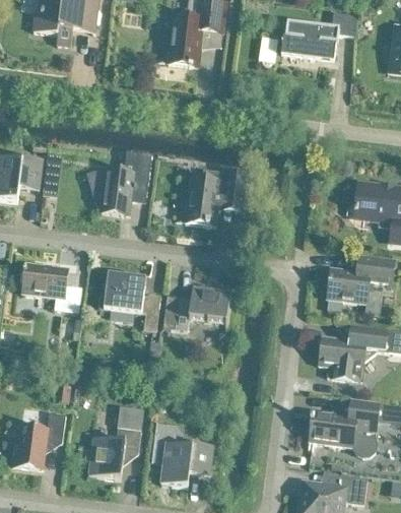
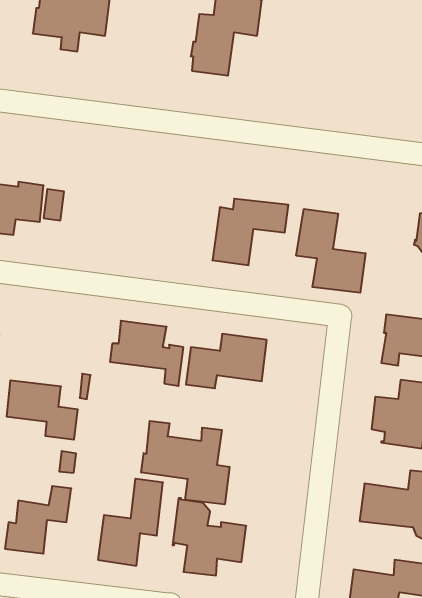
building: [280,11,356,61] -> none
building: [87,150,152,214] -> none
building: none -> [296,209,365,293]
building: [22,262,82,312] -> [7,380,78,440]
building: none -> [141,421,229,504]

